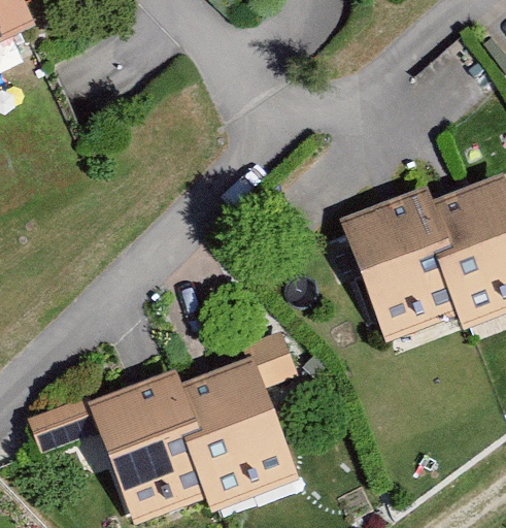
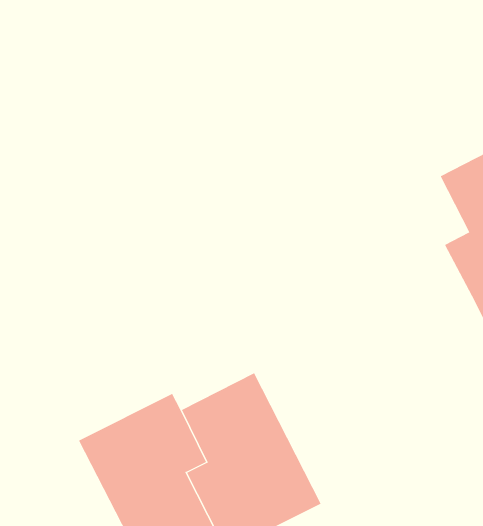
building: [339,183,457,340] -> none

